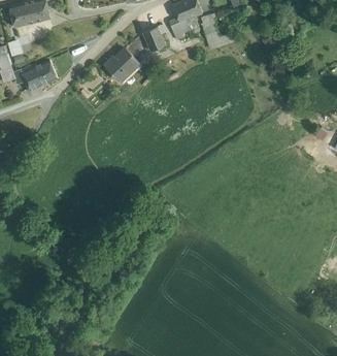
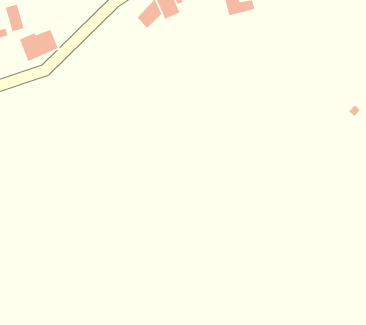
building: [104,50,139,84] -> none

